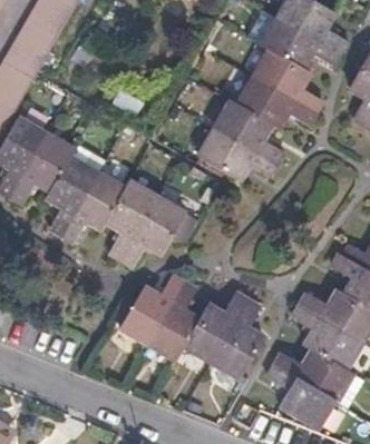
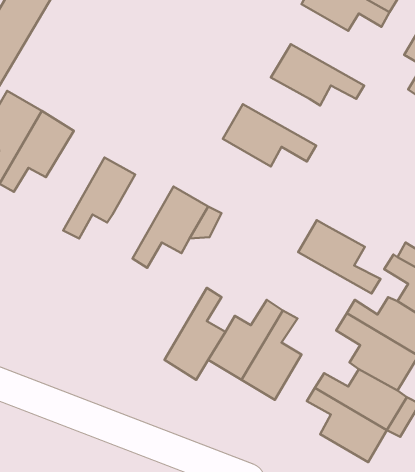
building: [255,49,323,112] -> none
building: [215,101,284,162] -> [298,220,381,293]
building: [47,144,106,234] -> none
building: [106,181,157,257] -> none
building: [120,275,185,342] -> none

